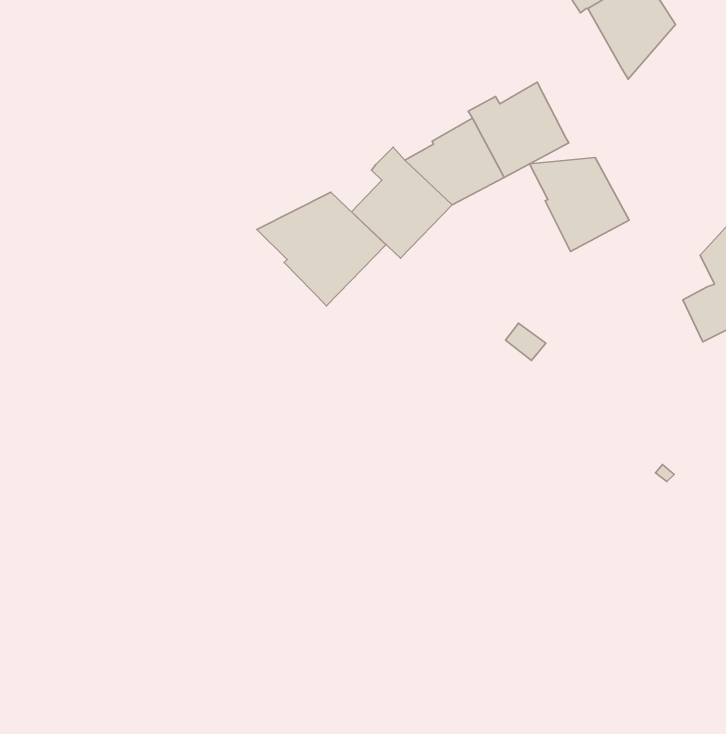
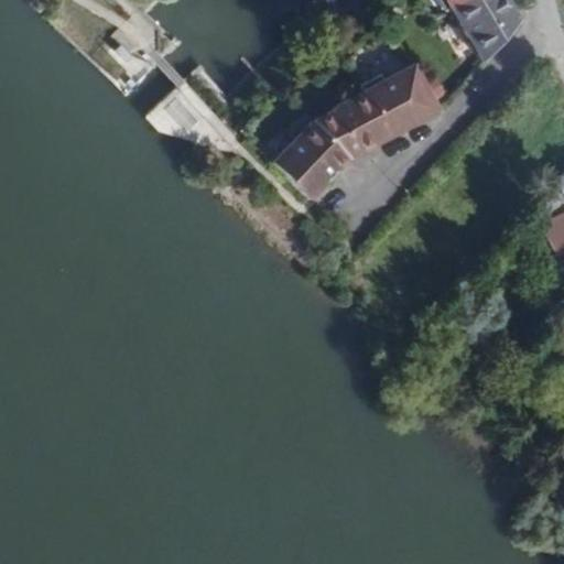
building: [529,157,629,251] -> none
building: [257,192,386,306] -> none

